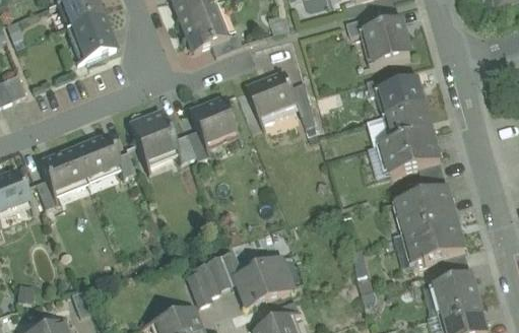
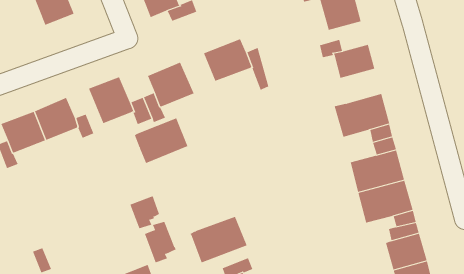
building: [388,104,431,139] -> none
building: none -> [134,118,188,164]
building: [207,252,239,287] -> [129,196,160,230]

